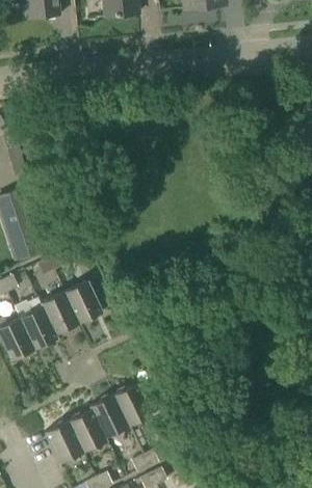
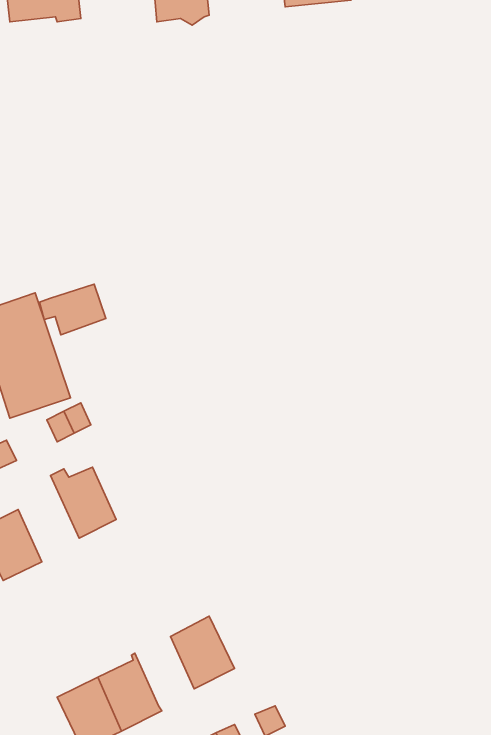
building: none -> [39,284,106,335]
building: [66,279,104,323] -> none
building: [20,296,58,349] -> none
building: [92,395,128,437] -> none

